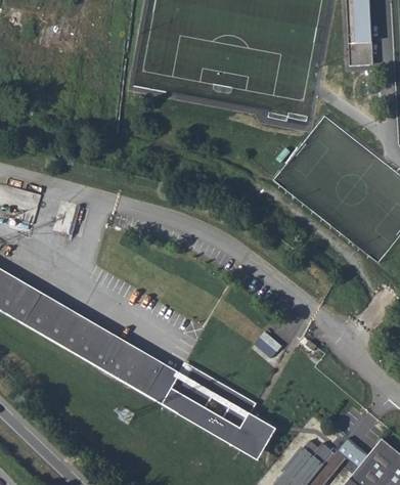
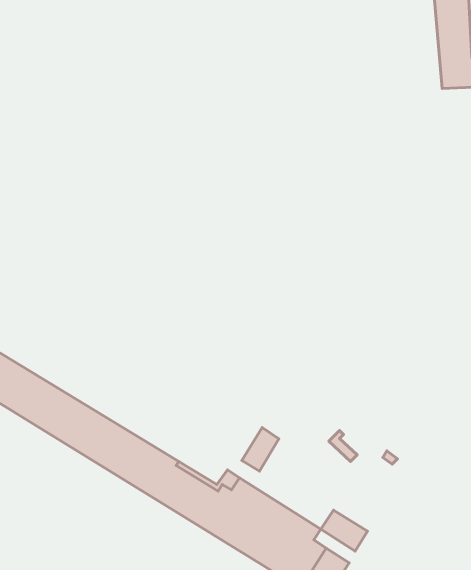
building: none -> [242,428,279,471]
building: none -> [321,510,368,551]

